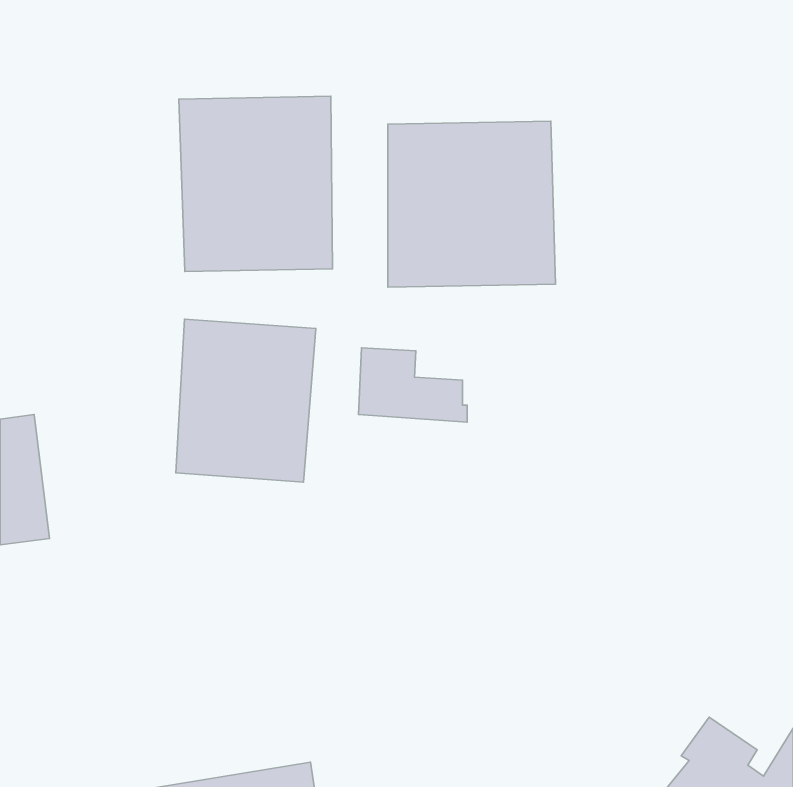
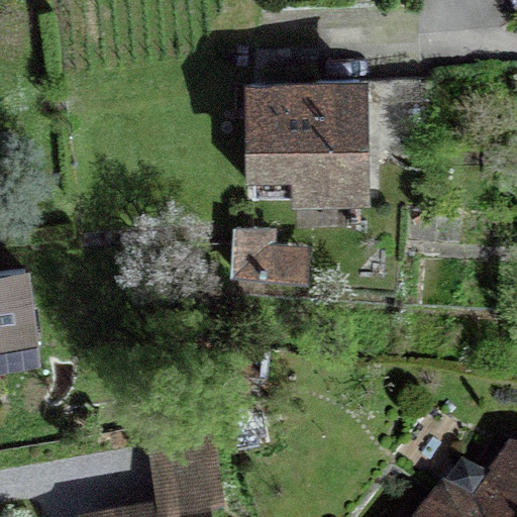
building: [179,96,333,271] -> none
building: [176,319,316,482] -> none

